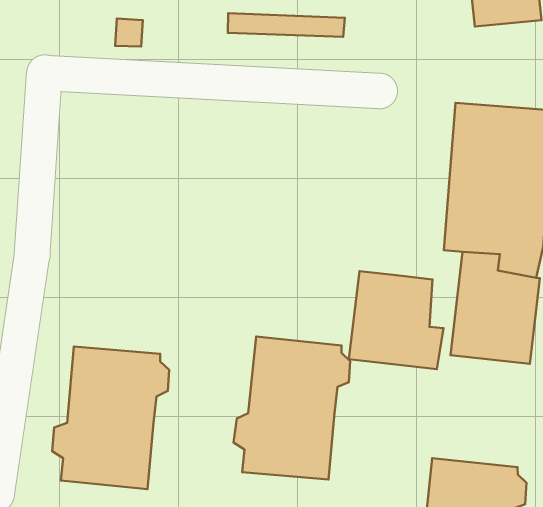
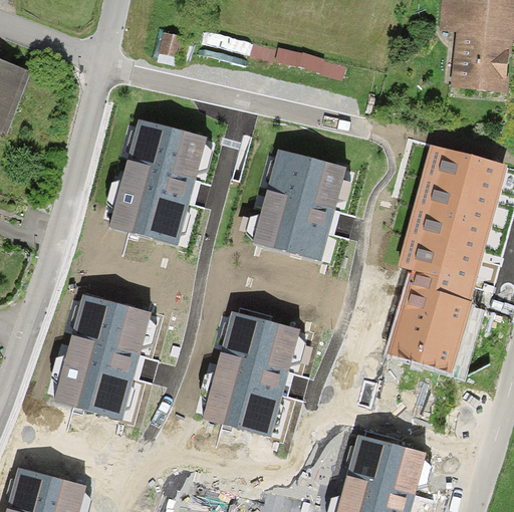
building: none -> [106,117,213,247]
building: none -> [246,148,347,262]
building: [349,271,443,369] -> none

